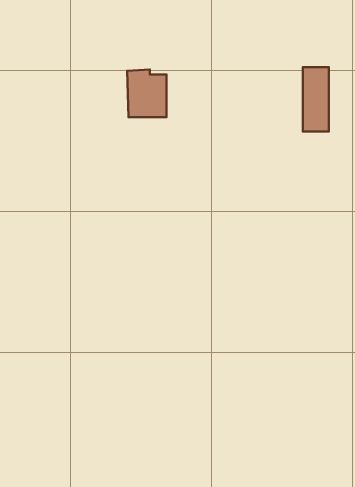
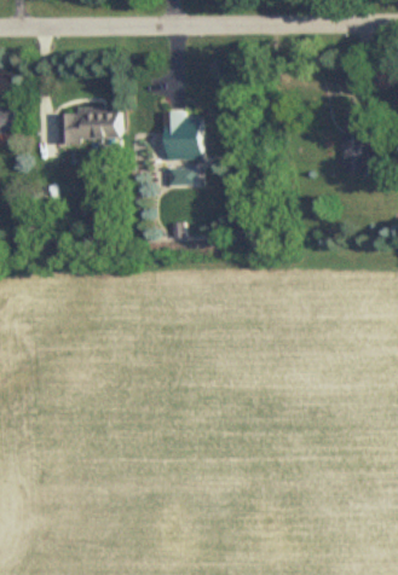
building: none -> [54,109,119,141]

